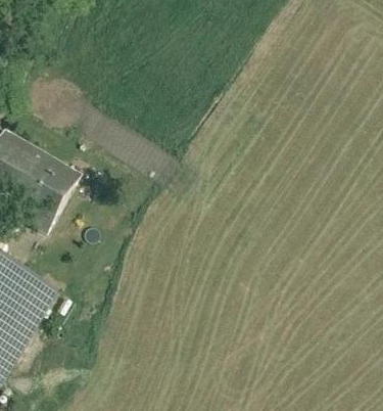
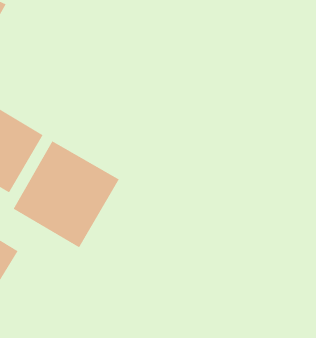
building: none -> [13,141,120,248]

